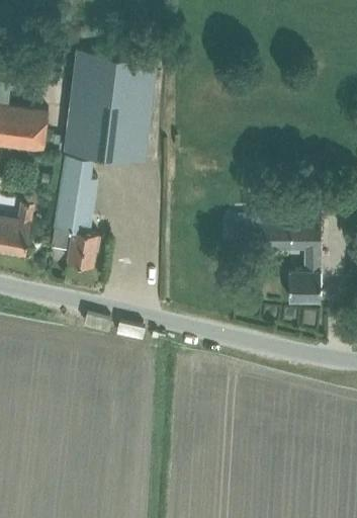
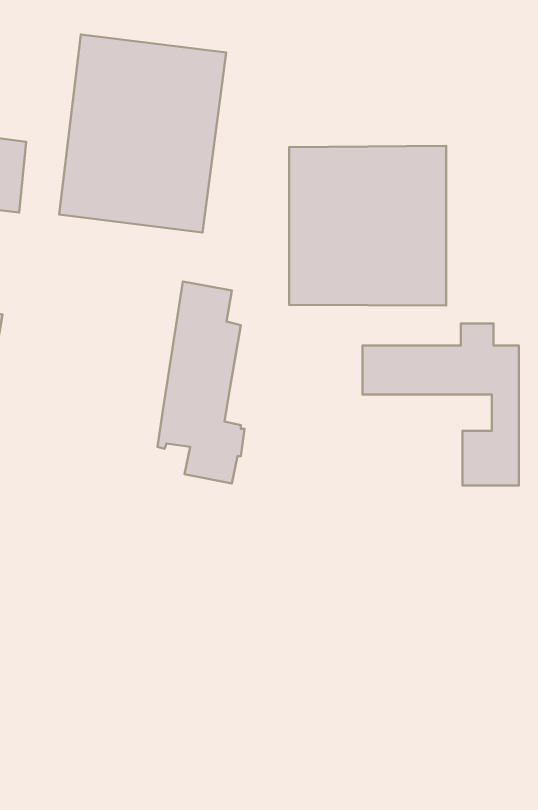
building: none -> [289,146,446,306]
building: [51,156,99,268] -> [157,281,245,483]

